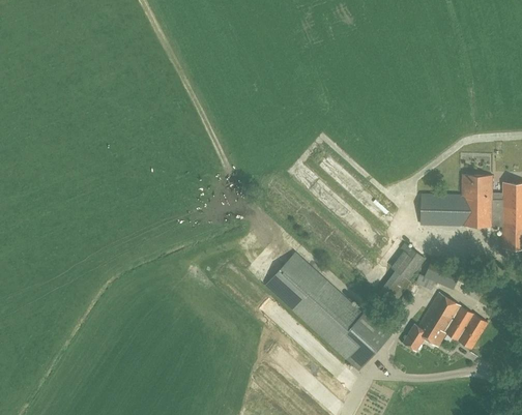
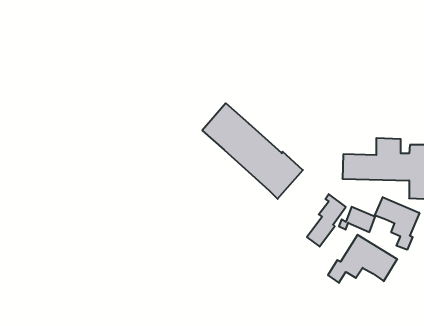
building: none -> [375,197,419,250]
building: [266,254,389,370] -> [202,103,303,199]

